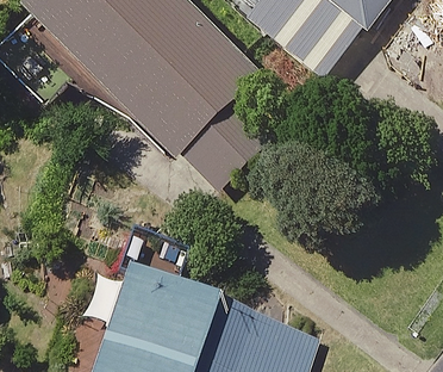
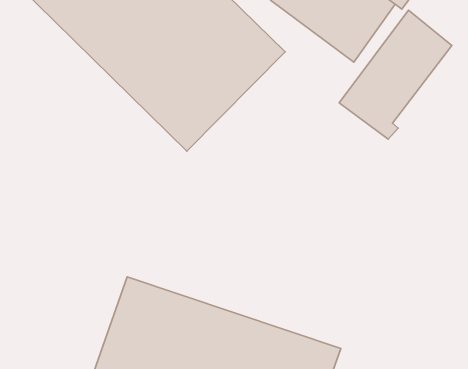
building: none -> [339,10,452,139]

